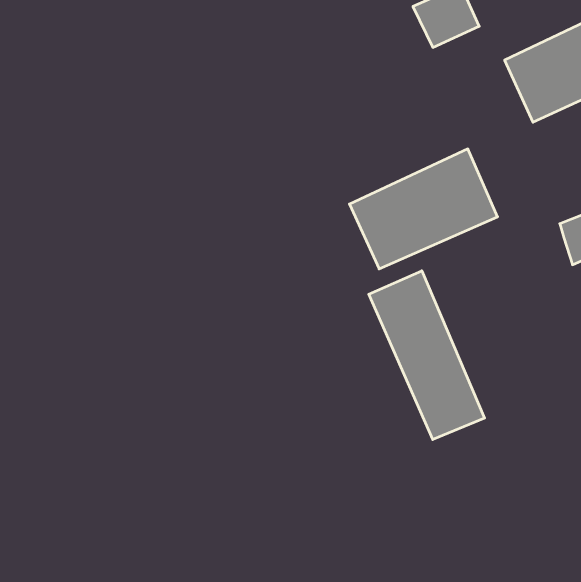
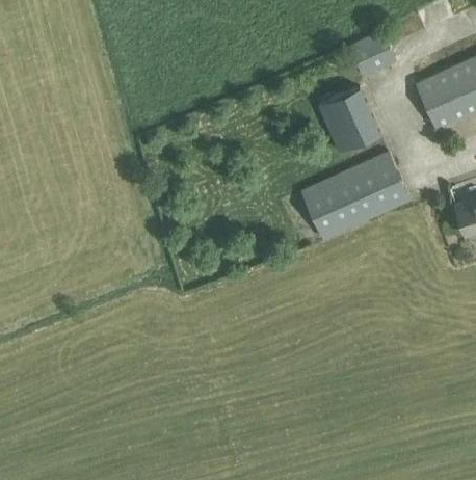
building: none -> [318,87,379,152]
building: [369,271,485,440] -> none

